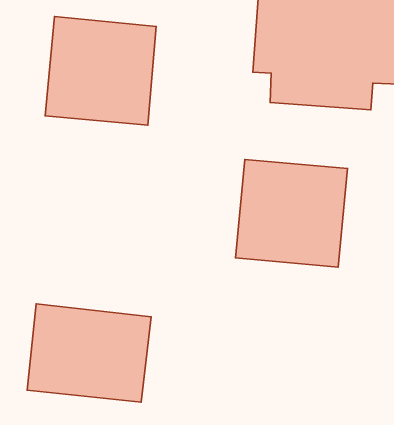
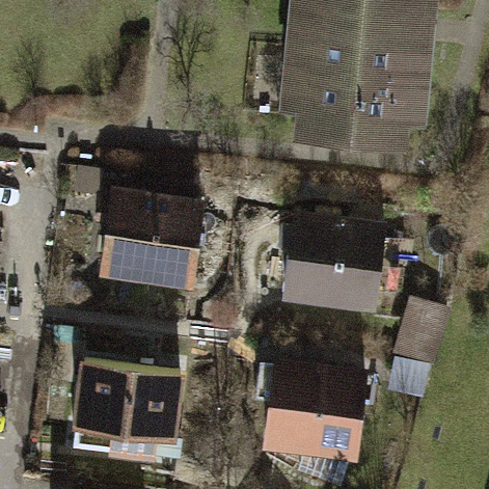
building: [45,16,156,125] -> [104,179,217,290]
building: none -> [267,357,381,467]

